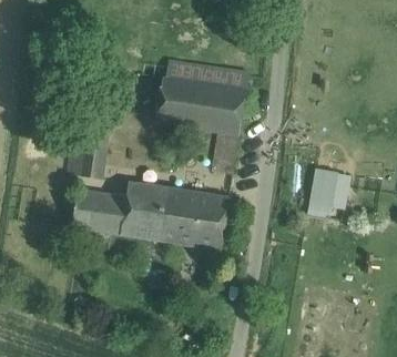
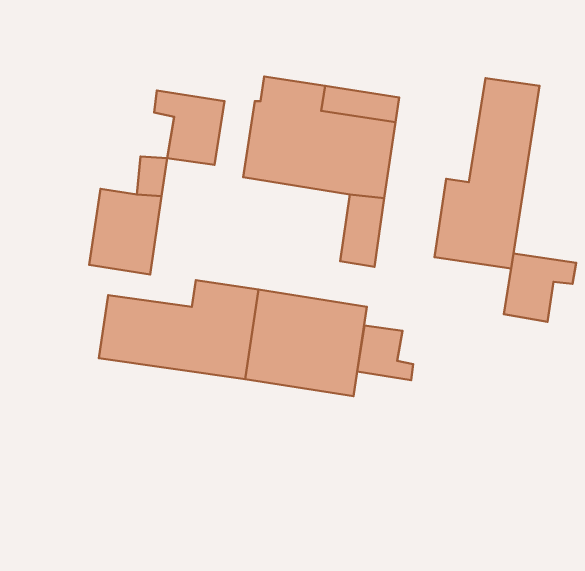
building: none -> [434,78,540,268]
building: none -> [154,90,224,165]
building: none -> [357,326,413,380]

